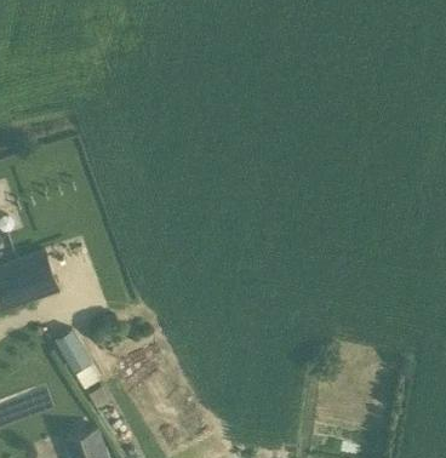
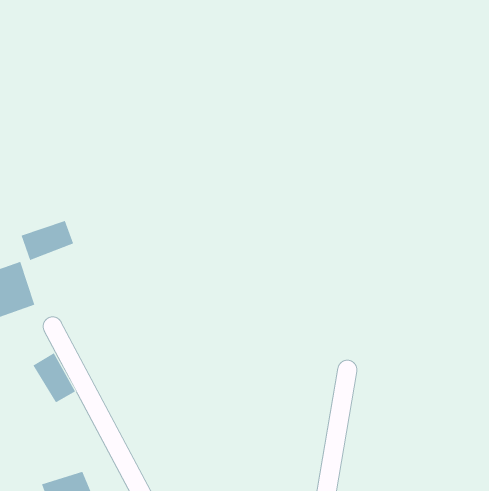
building: none -> [21,220,74,261]

